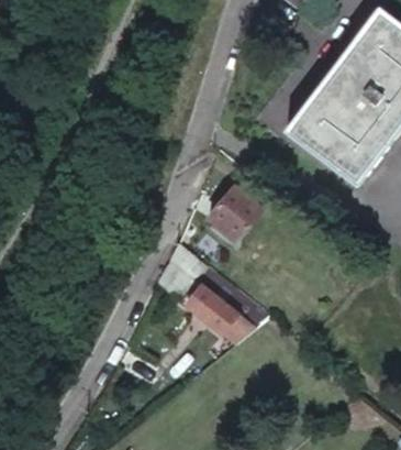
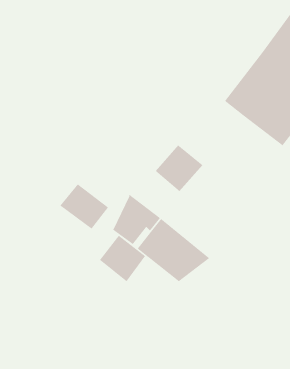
building: none -> [60,183,109,230]
building: none -> [99,235,146,282]

